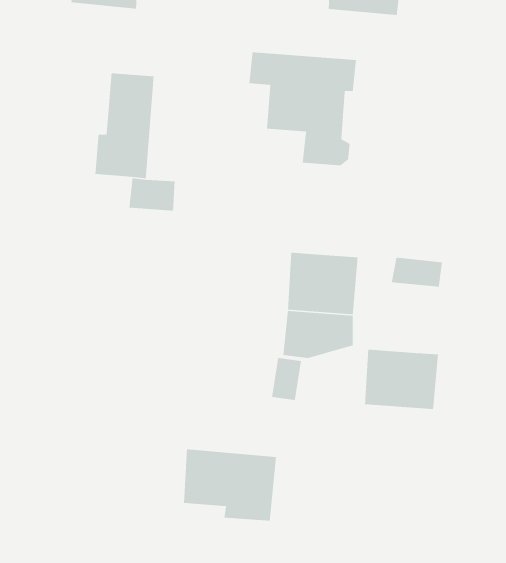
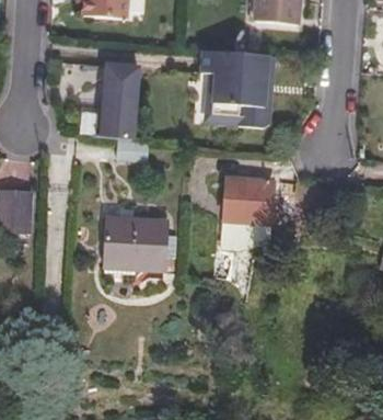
building: [364,349,439,410] -> none
building: [183,449,277,521] -> [104,219,167,269]

